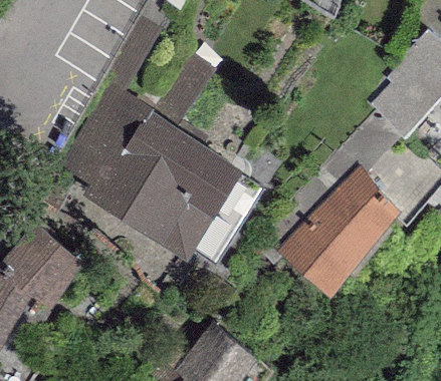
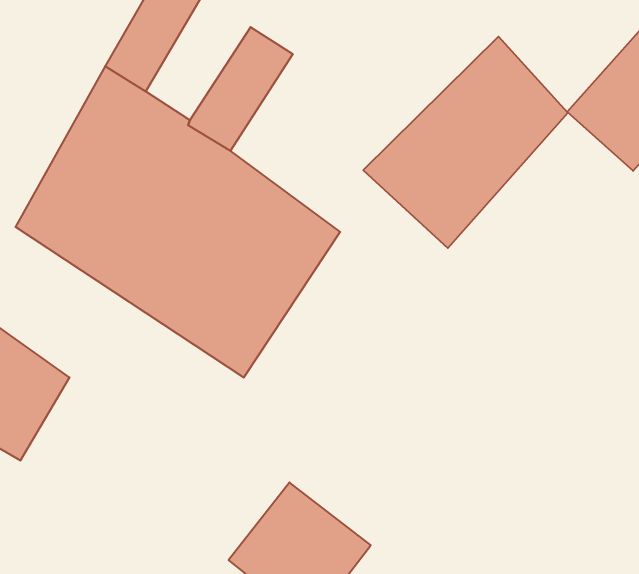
building: [276,168,398,294] -> [363,37,568,248]

